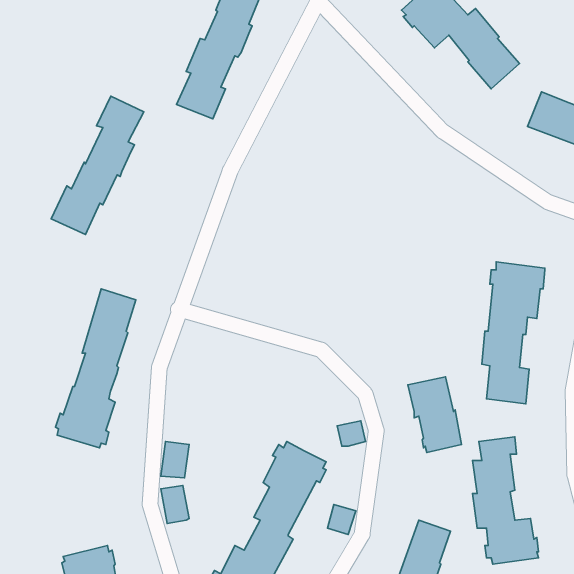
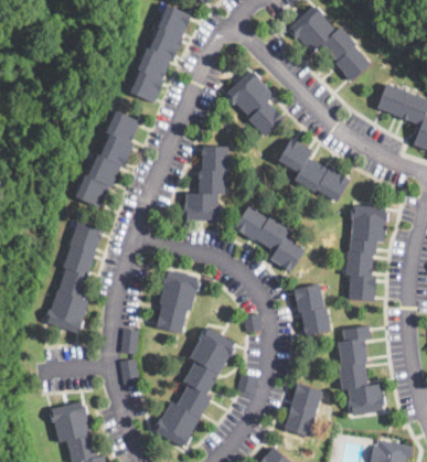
building: none -> [225,69,285,138]
building: [51,96,144,235] -> [75,110,140,207]
building: none -> [277,138,349,202]
building: none -> [182,147,228,221]
building: none -> [234,206,306,271]
building: none -> [157,270,200,334]

